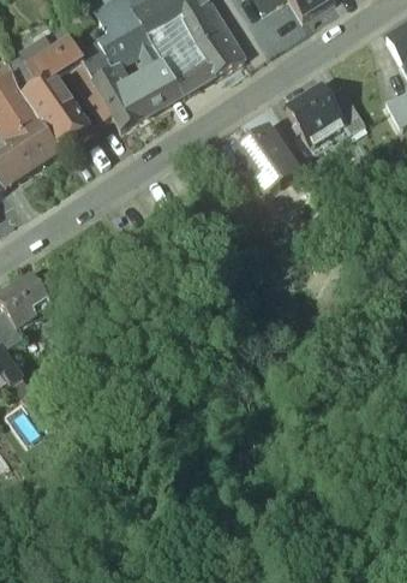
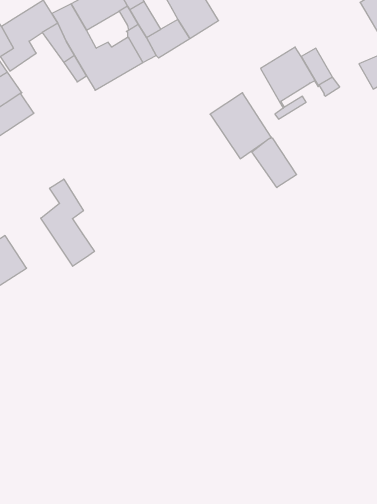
building: [36,90,89,147] -> none
building: none -> [252,138,297,188]
building: none -> [41,179,94,266]

